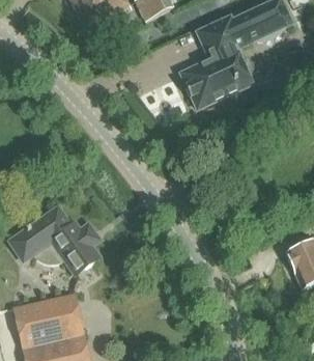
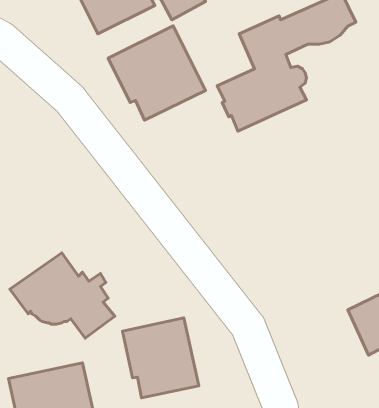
building: none -> [108,26,206,120]
building: none -> [122,318,199,398]

